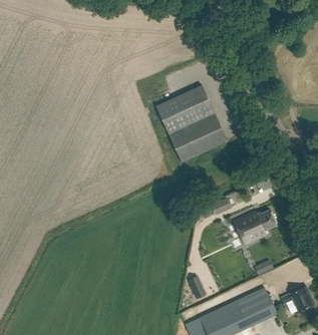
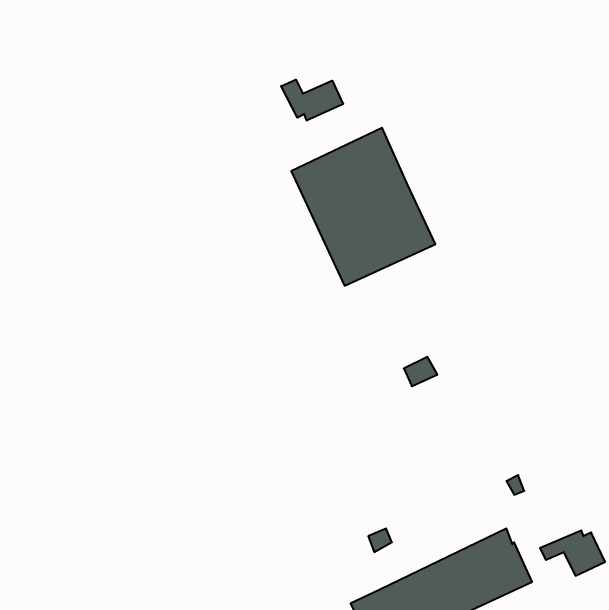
building: none -> [281,80,343,121]
building: [234,210,277,244] -> none

